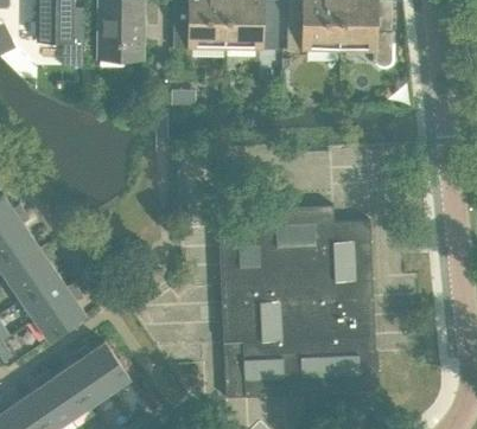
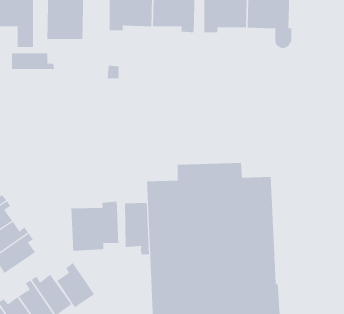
building: none -> [12,53,55,70]
building: none -> [71,201,119,252]
building: none -> [124,202,149,255]
building: none -> [56,262,95,308]

